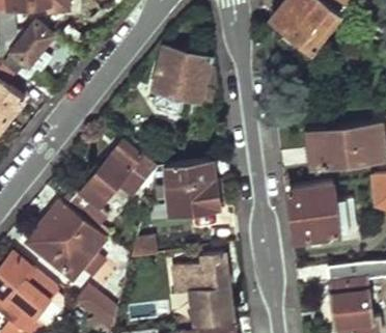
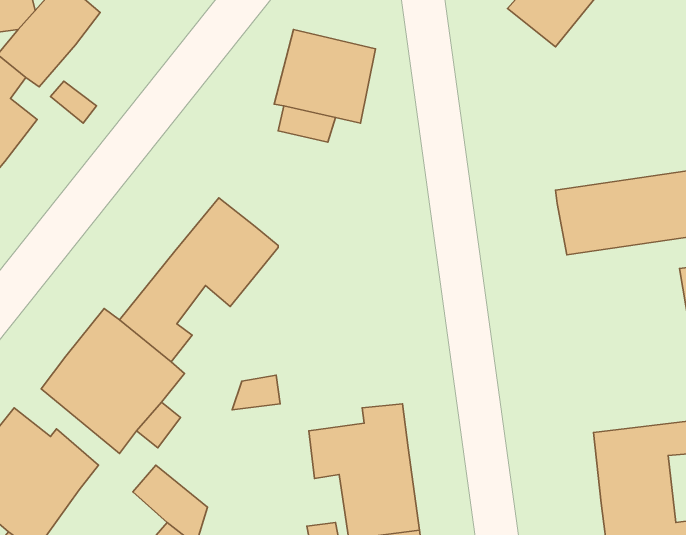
building: [147,159,219,213] -> none
building: [288,185,339,240] -> none

